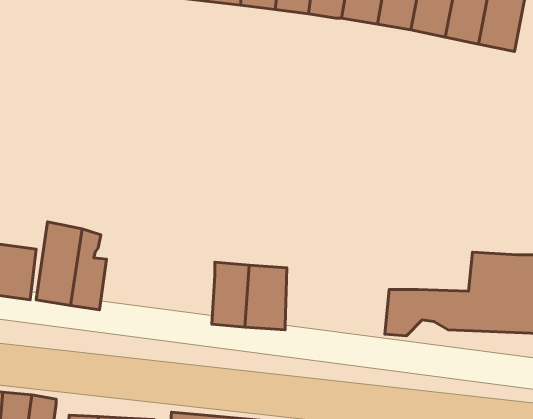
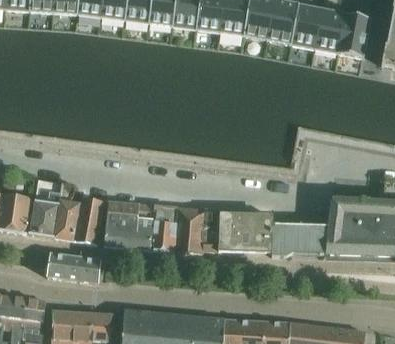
building: none -> [74,197,104,243]
building: none -> [104,202,154,249]
building: none -> [203,207,273,253]
building: none -> [48,252,100,283]

